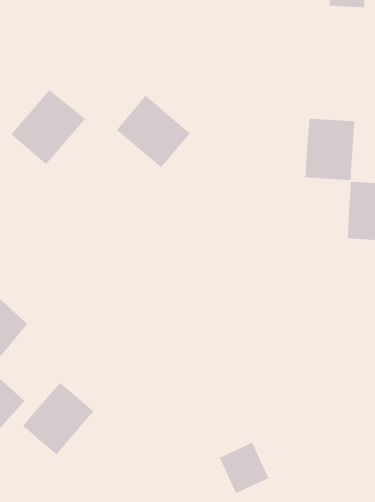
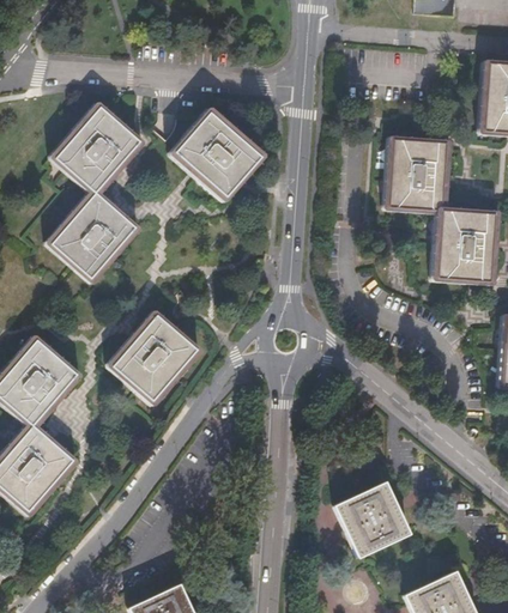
building: none -> [49,193,133,279]
building: [22,382,95,455] -> [110,316,193,400]
building: [219,442,269,494] -> [340,488,398,548]

